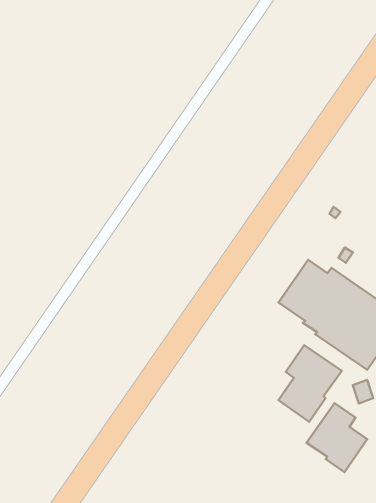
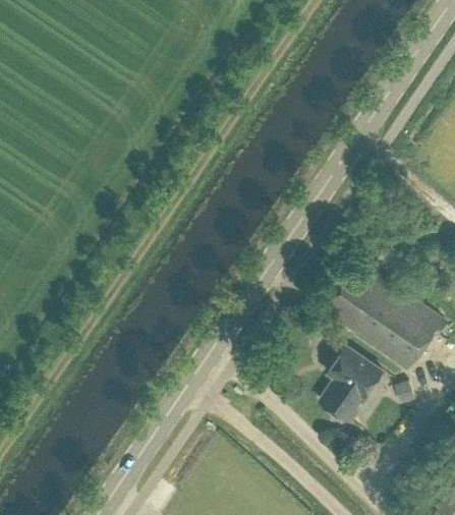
building: [307,403,367,472] -> none

